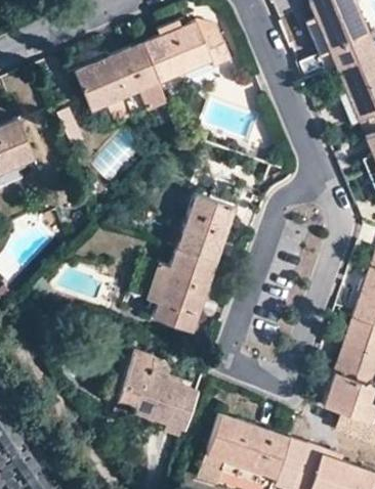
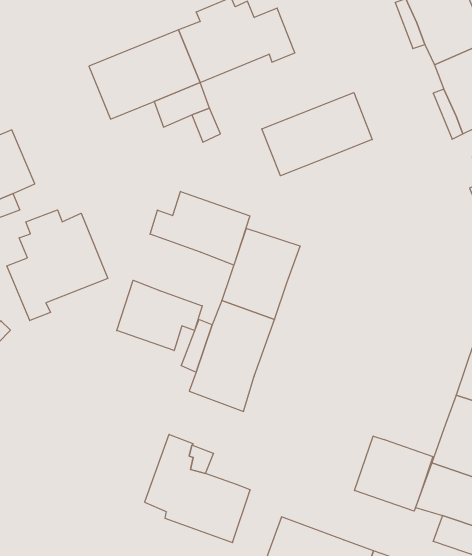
building: none -> [262,93,372,176]
building: none -> [150,191,250,265]
building: none -> [7,210,108,321]
building: none -> [117,280,202,351]
building: none -> [355,436,433,511]

